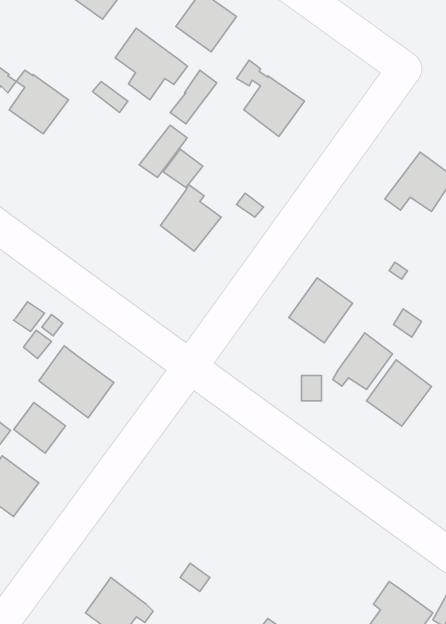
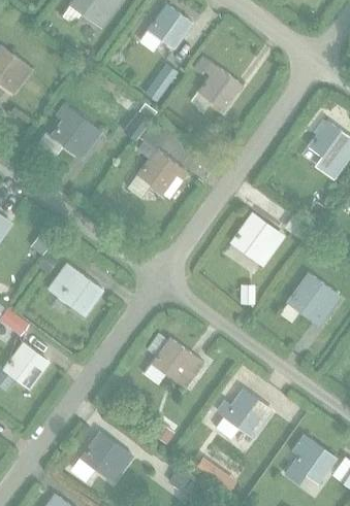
building: [115,28,188,100] -> none
building: [9,70,69,134] -> [52,108,95,155]
building: [333,333,392,390] -> none
building: [14,402,65,453] -> none
building: none -> [147,334,204,382]
building: none -> [217,392,269,440]

